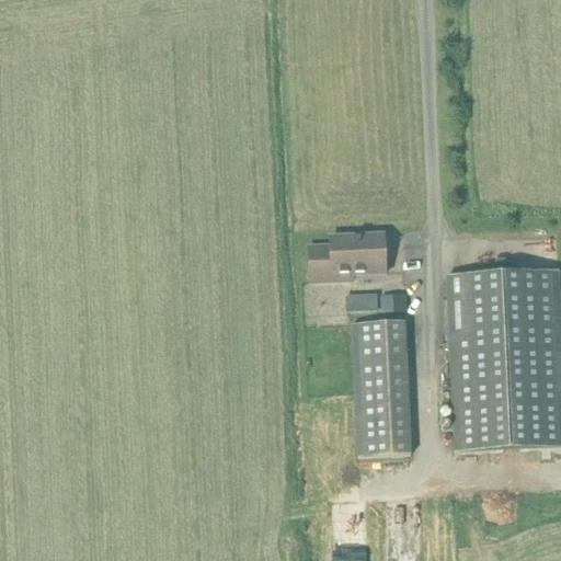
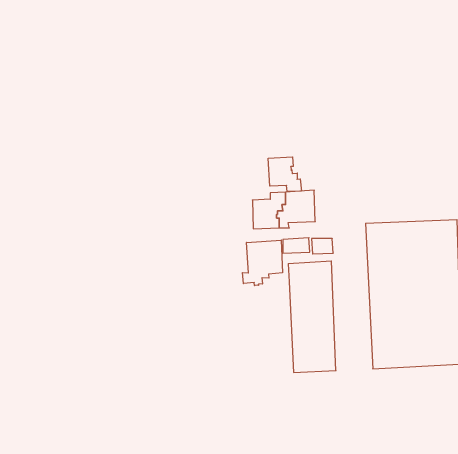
building: none -> [268,157,301,191]
building: none -> [242,240,282,286]

